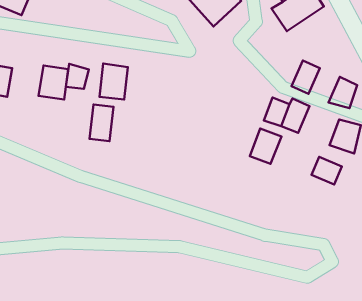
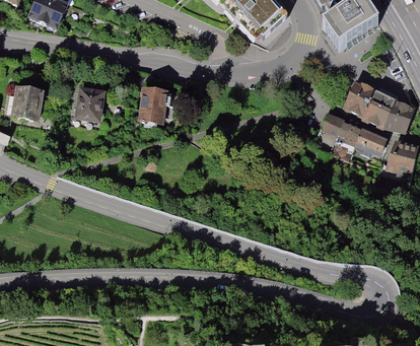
building: [66,64,89,89] -> none
building: none -> [361,88,395,125]
building: [90,105,114,141] -> none
building: [250,128,281,164] -> none
building: [311,157,342,184] -> [354,129,387,158]

